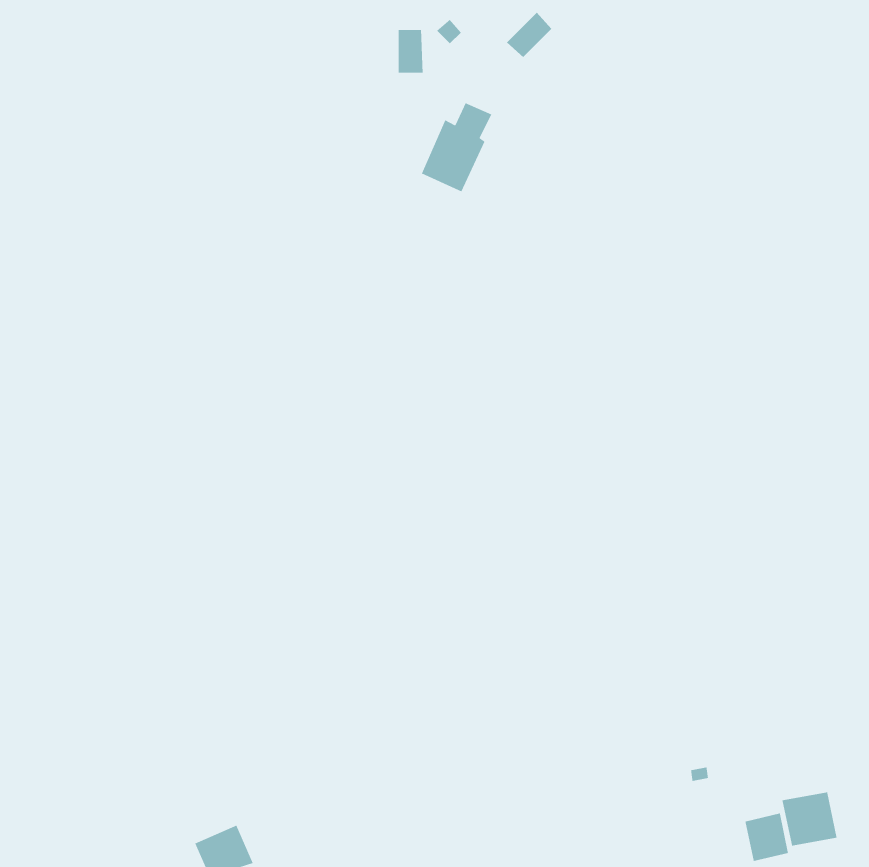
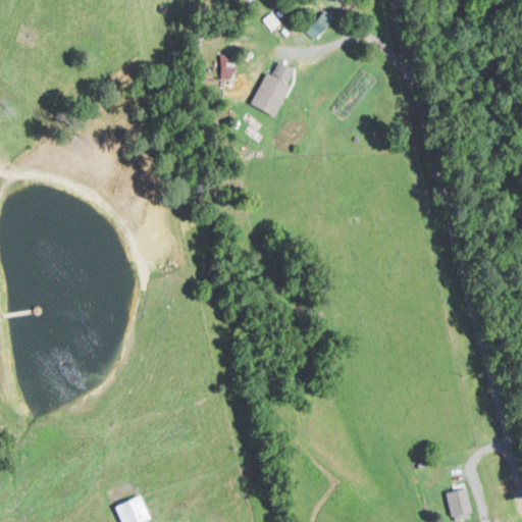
building: [398,29,423,73] -> [217,54,232,81]
building: [782,791,838,846] -> none

